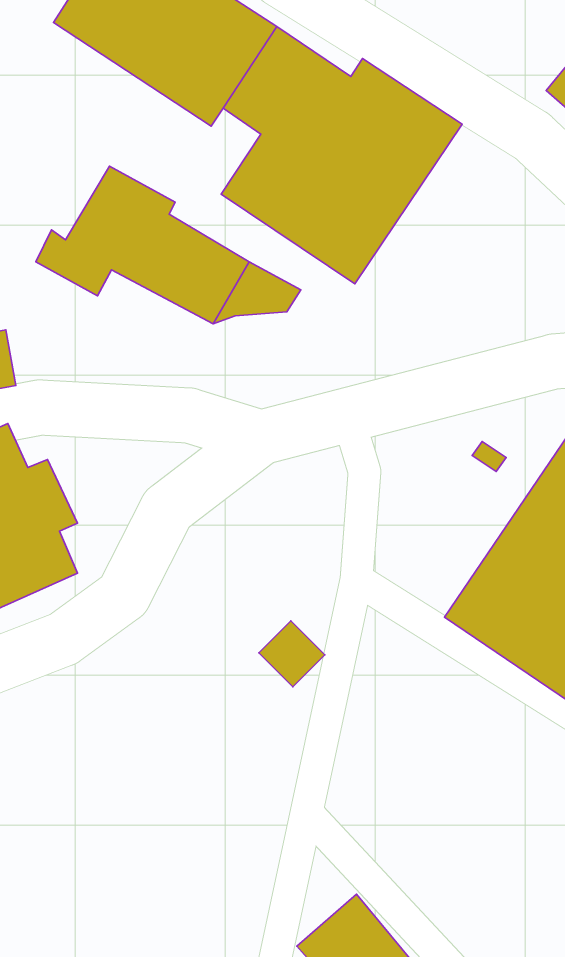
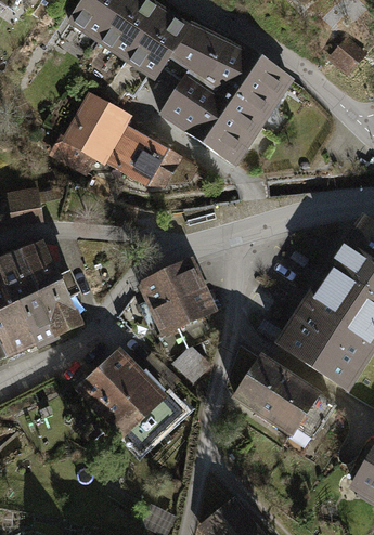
building: none -> [139,259,216,353]
building: none -> [82,352,184,449]
building: none -> [237,355,335,435]

